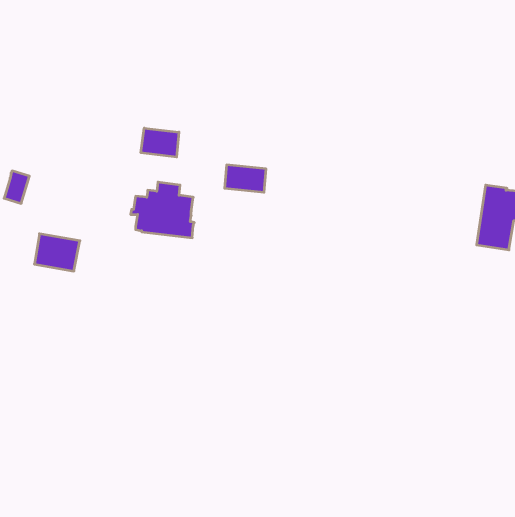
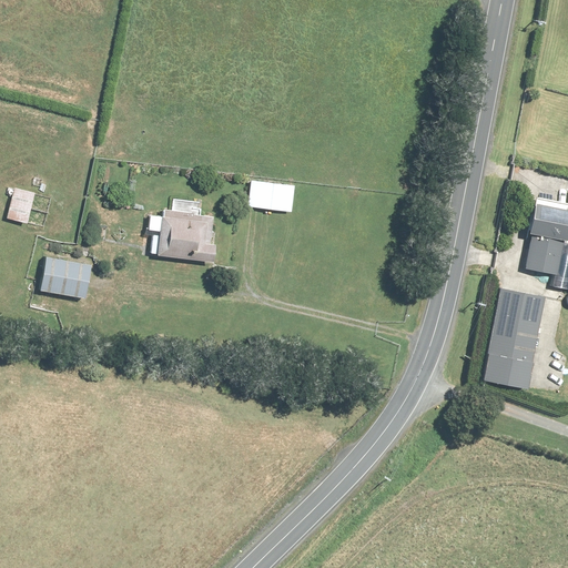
building: [141,128,179,157] -> none
building: none -> [485,290,547,387]

